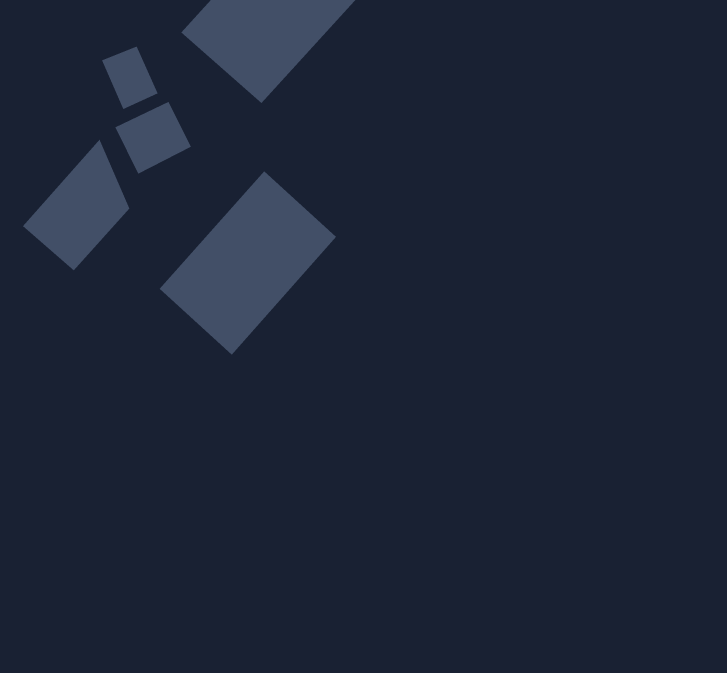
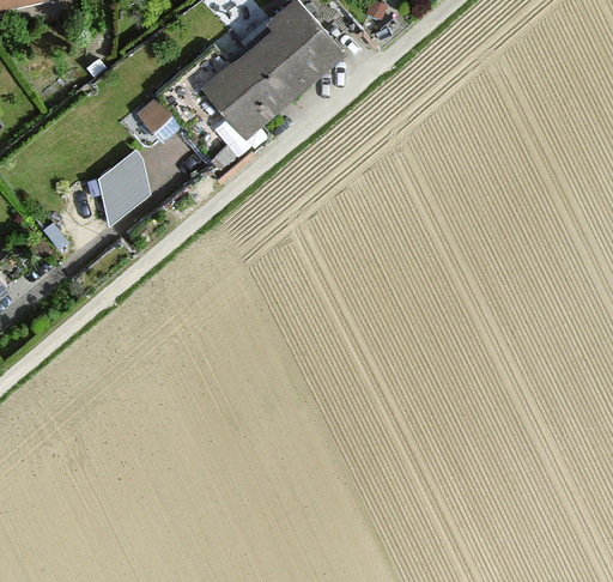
building: [159,170,337,355] -> none

